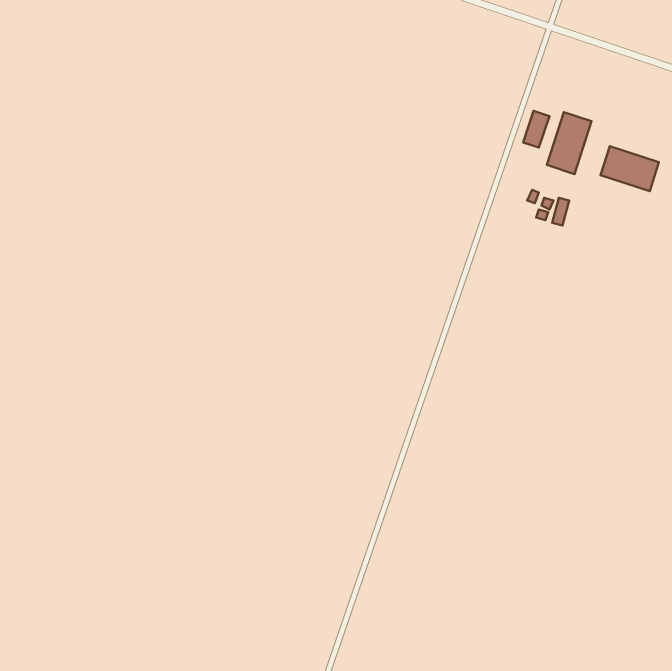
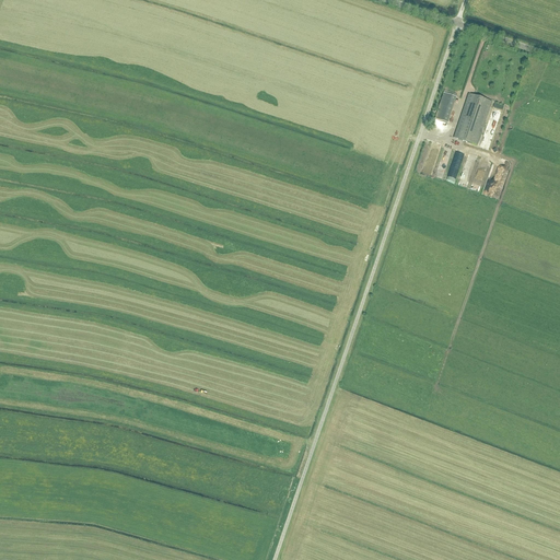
building: [601,146,659,191] -> none

